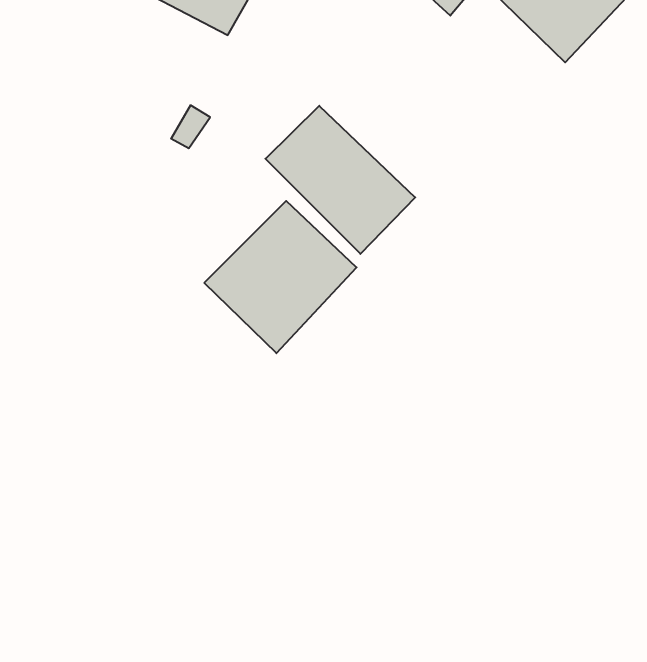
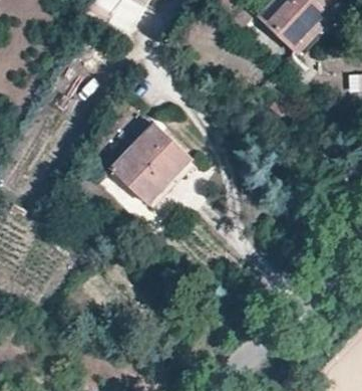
building: [265,106,415,254] -> none

